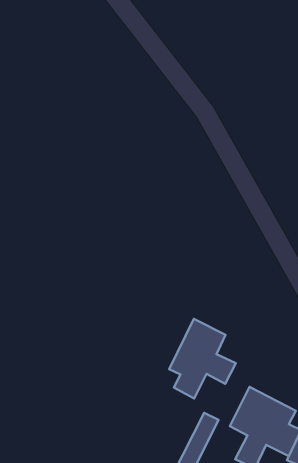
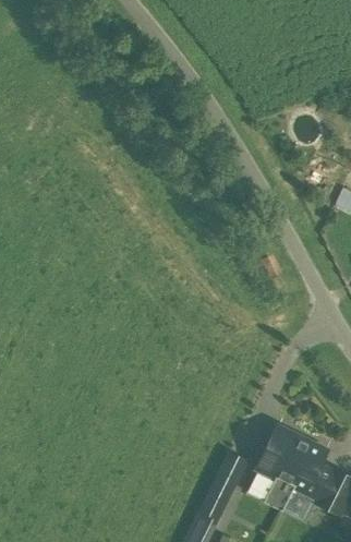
building: [169,319,236,398] -> none

